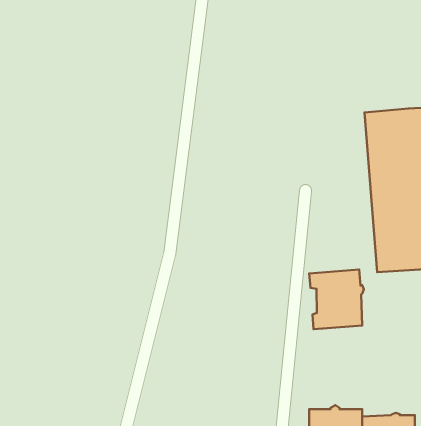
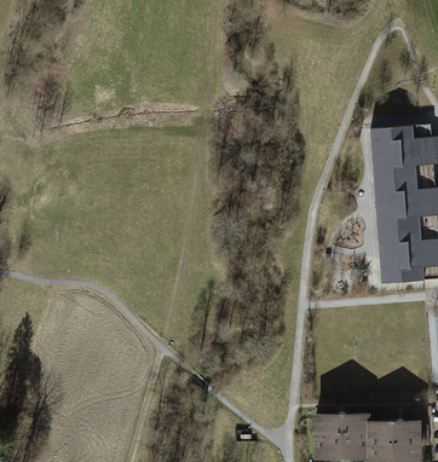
building: [309,269,364,329] -> none

